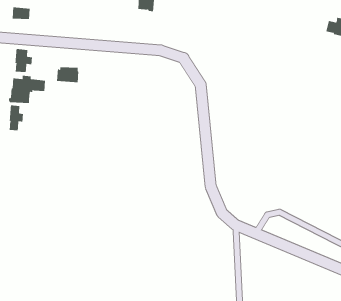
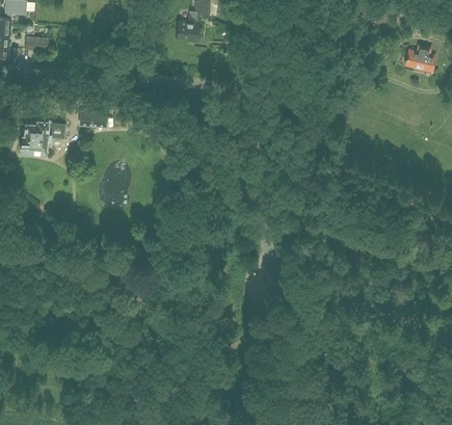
building: [15,48,33,73] -> none
building: [9,105,24,131] -> none

